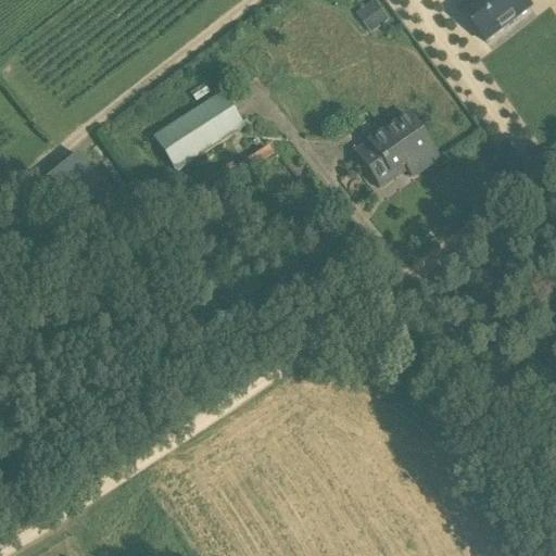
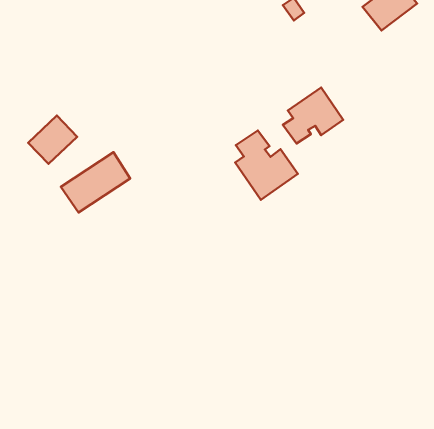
building: [153,89,242,166] -> [61,152,130,212]
building: none -> [235,131,298,200]

